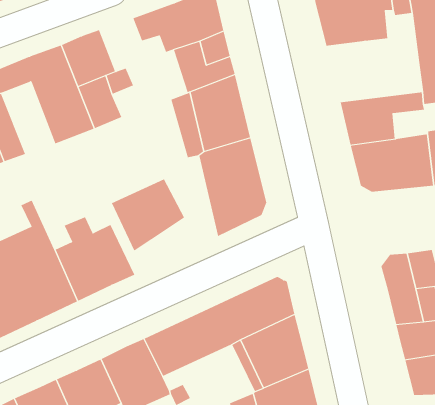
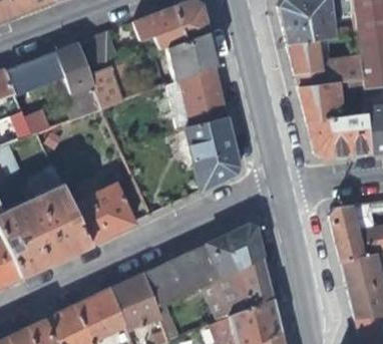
building: none -> [287,39,363,87]
building: [111,178,185,252] -> none

